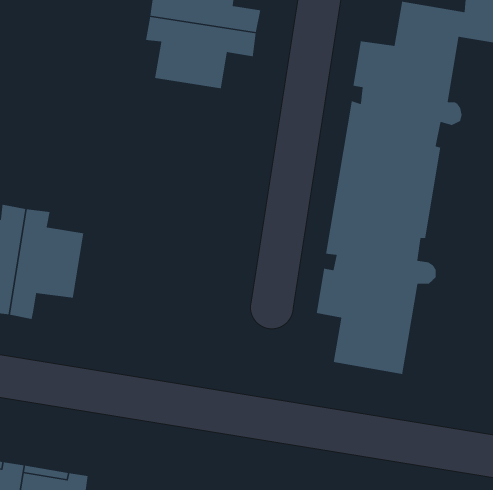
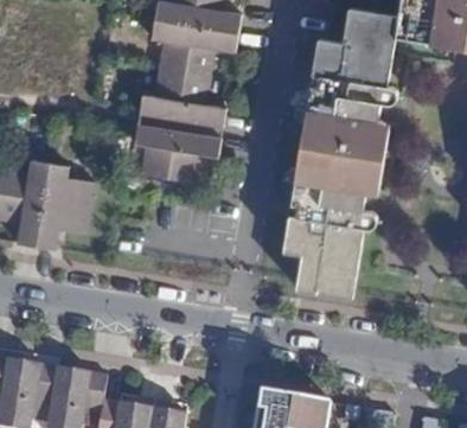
building: none -> [139,66,225,124]
building: none -> [134,123,220,180]

